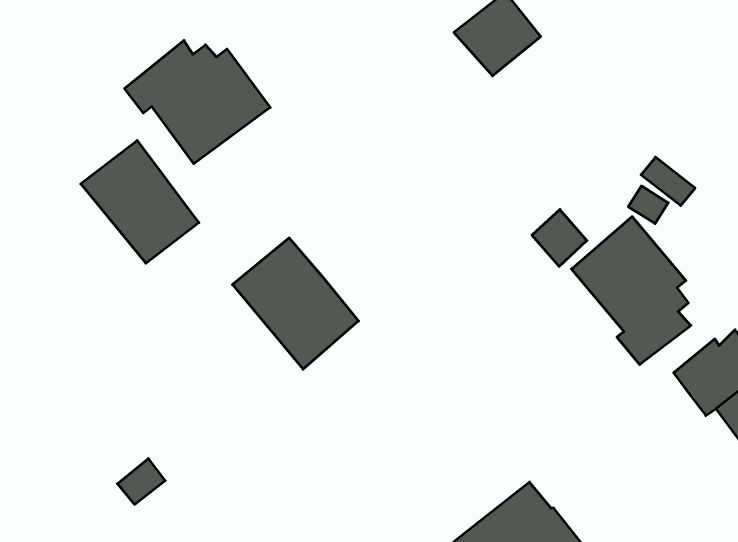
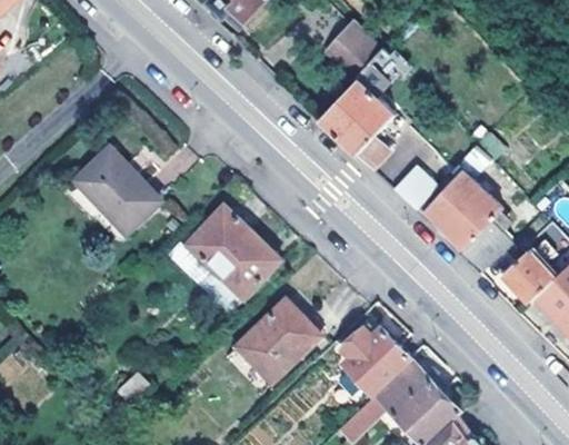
building: none -> [319,48,396,168]
building: [125,40,270,164] -> none
building: none -> [234,300,320,383]
building: none -> [342,327,411,395]

